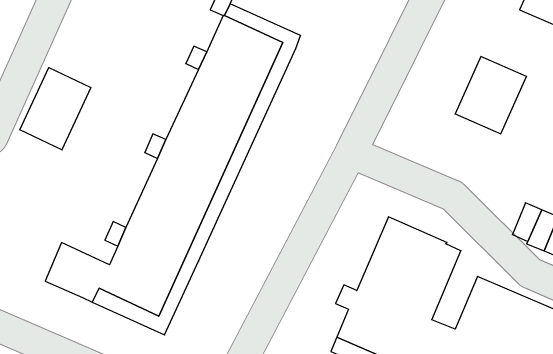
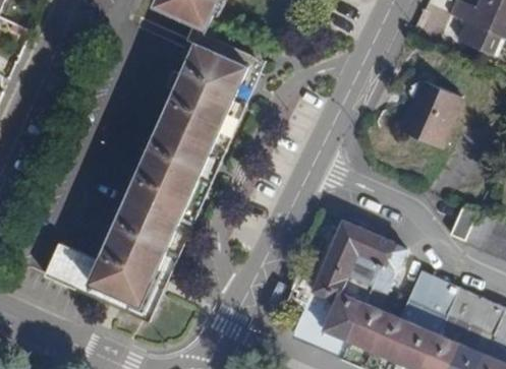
building: [20,68,91,150] -> none

